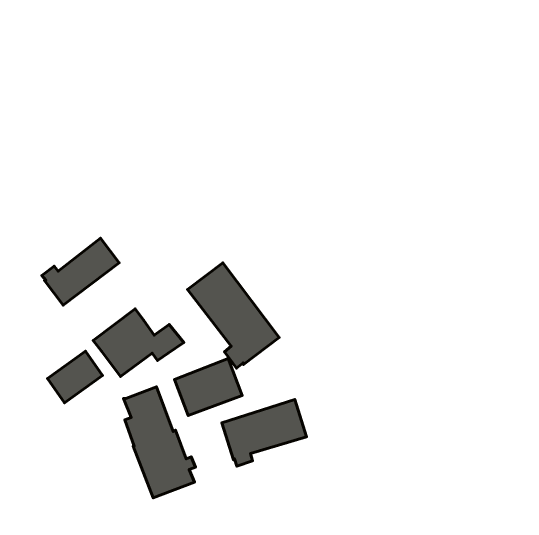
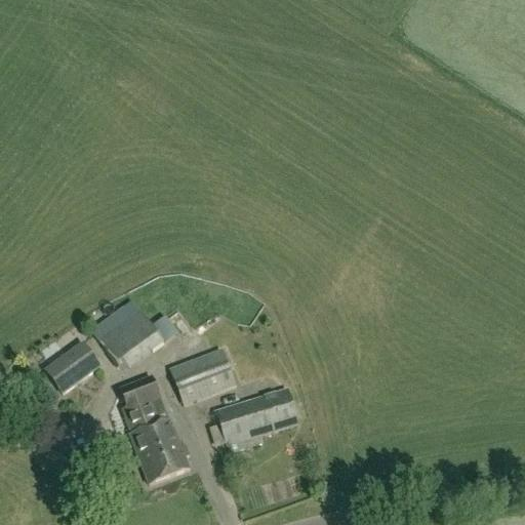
building: [42,238,119,305] -> none
building: [188,263,279,368] -> none

